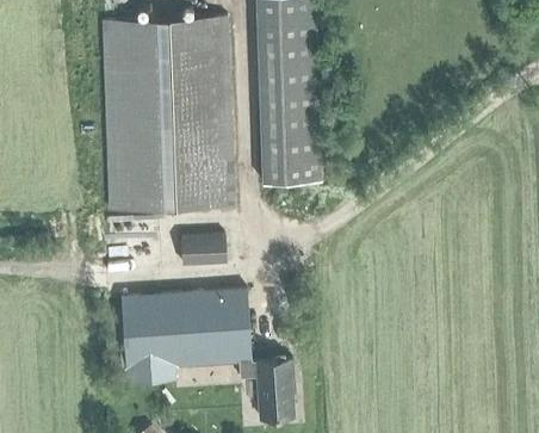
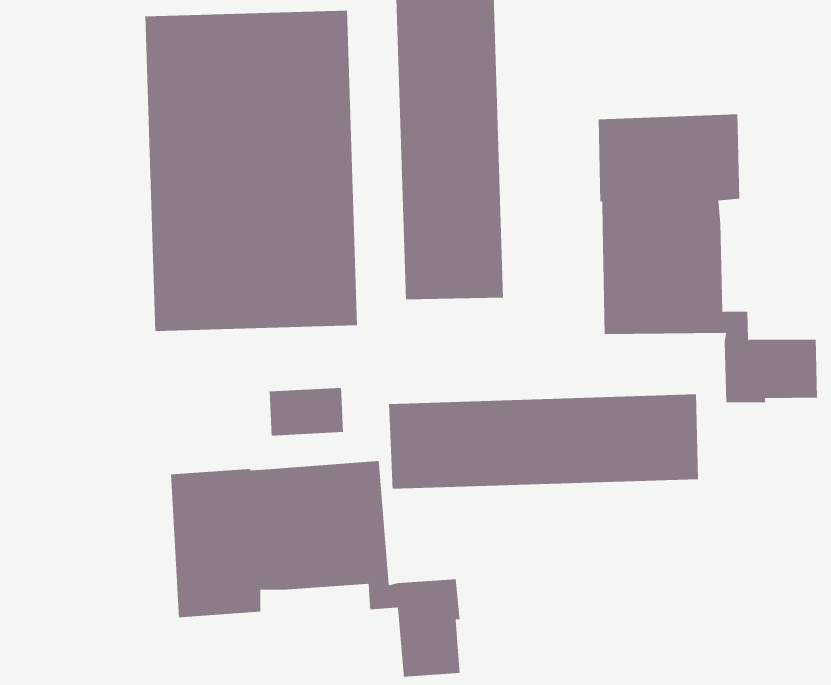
building: none -> [598,113,818,403]
building: none -> [388,394,699,489]

